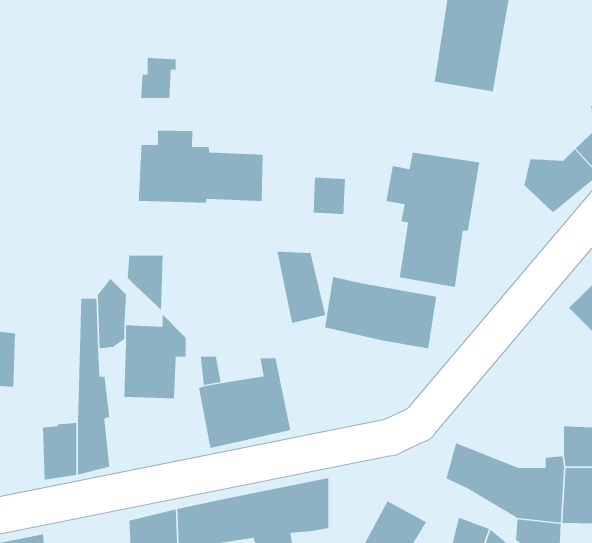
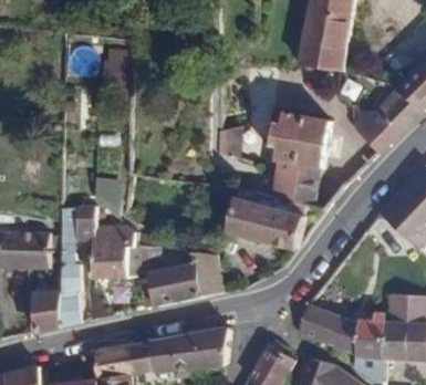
building: [138,130,263,204] -> none
building: [276,251,326,324] -> [193,249,226,298]
building: none -> [18,232,50,270]

